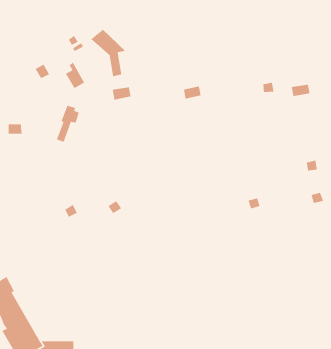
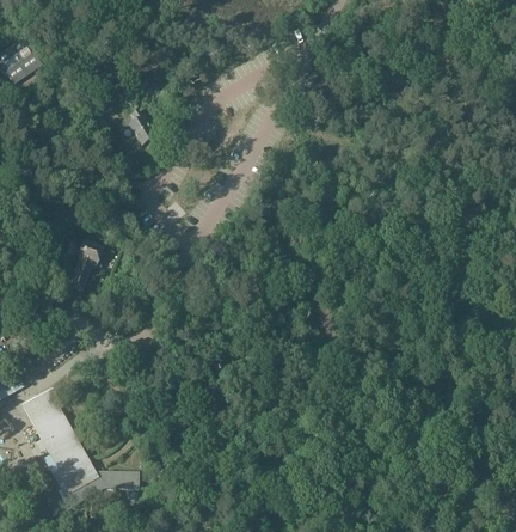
building: [90,29,126,77] -> none
building: [56,105,80,143] -> [70,243,102,292]

